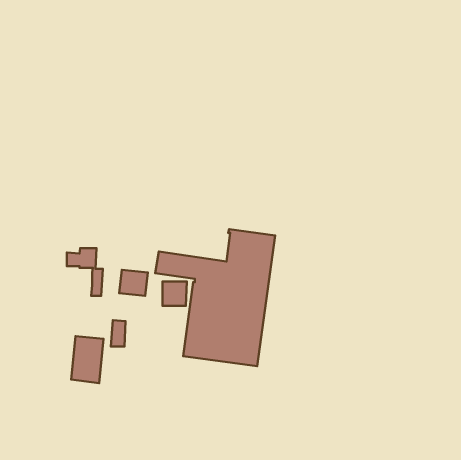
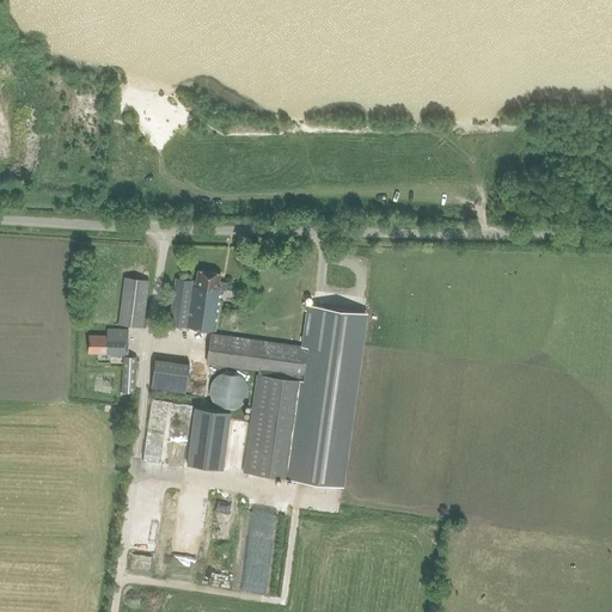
building: none -> [169,271,226,332]
building: none -> [117,277,148,329]
building: [71,336,104,383] -> [194,406,237,469]

